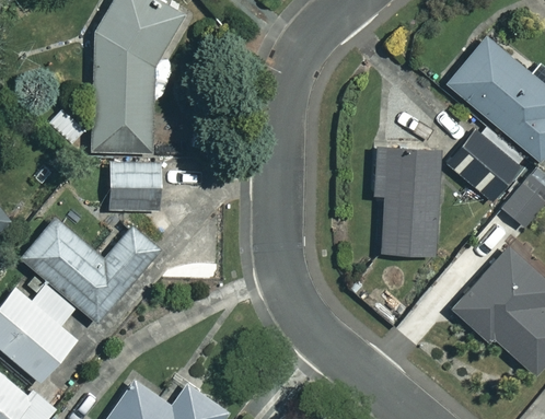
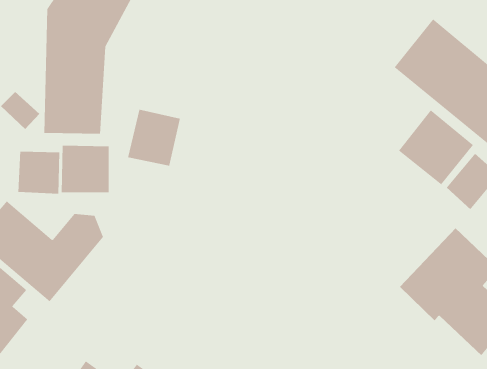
building: none -> [128,109,180,167]
building: [374,148,439,256] -> none
building: none -> [18,151,60,194]

